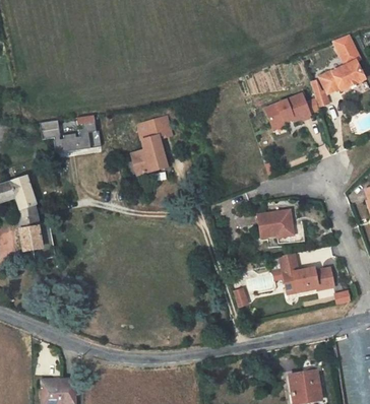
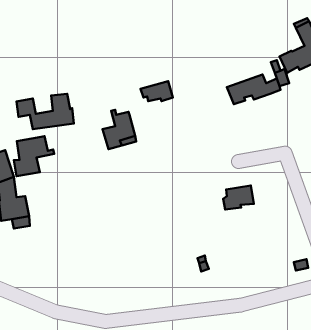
building: [137,116,172,137] -> [140,81,173,101]
building: none -> [14,136,54,176]
building: [281,253,329,289] -> none

